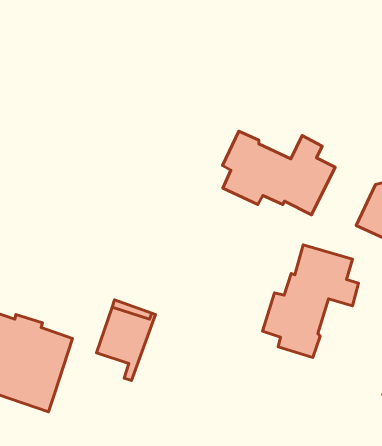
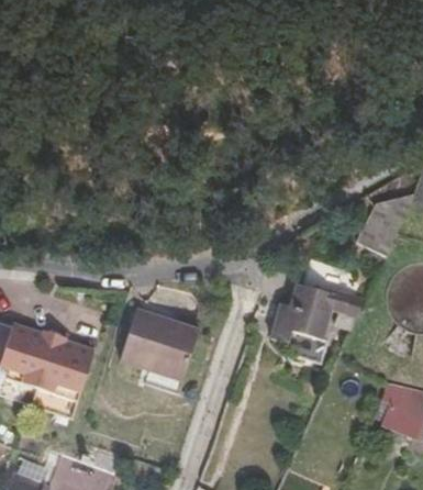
building: [222,131,335,215] -> none
building: none -> [152,323,199,392]

